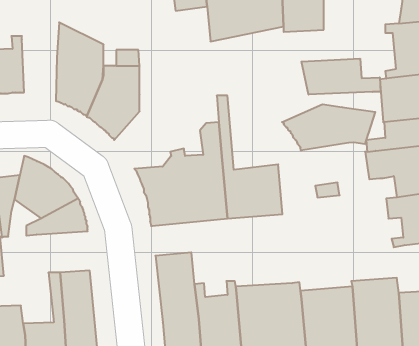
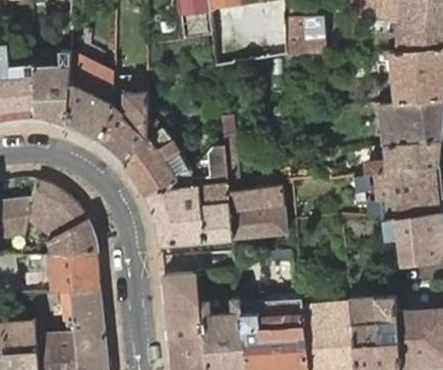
building: none -> [34,51,69,126]
building: [301,59,381,95] -> none
building: none -> [122,113,189,191]
building: [282,104,375,151] -> none
building: none -> [48,251,99,292]

